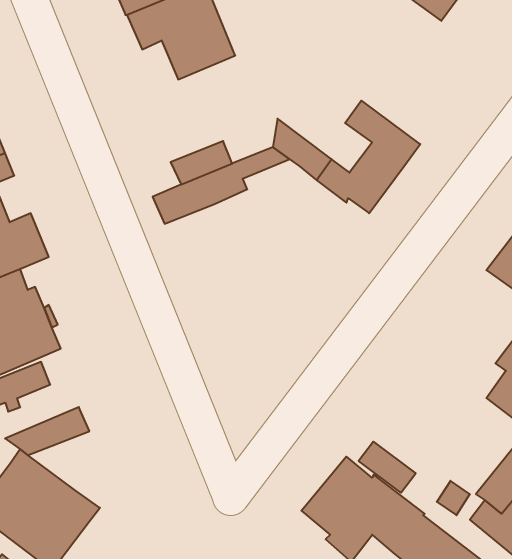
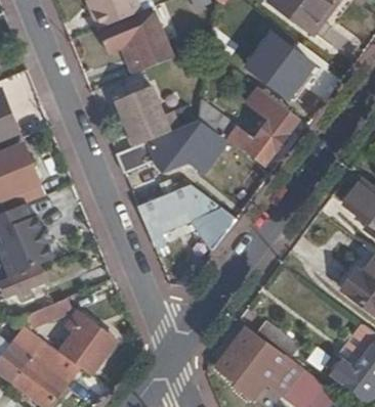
building: none -> [247,34,312,96]
building: none -> [116,85,164,130]
building: none -> [158,128,219,171]
building: none -> [138,184,237,251]
building: none -> [62,311,116,373]

